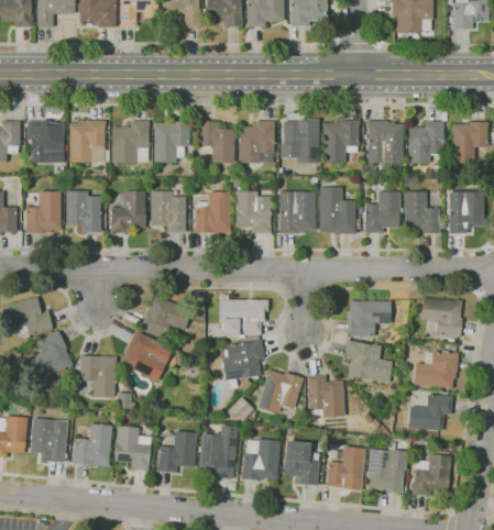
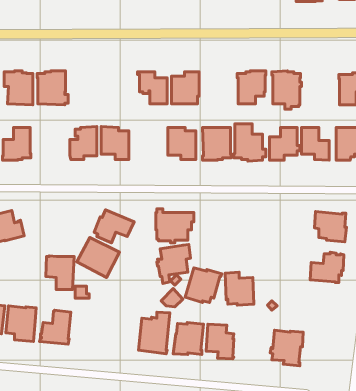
building: [281,119,319,163] -> none
building: [109,121,149,163] -> none
building: [154,121,190,162] -> none
building: [408,121,444,163] -> none
building: [66,190,101,232] -> none
building: [194,191,231,232] -> none
building: [349,300,391,336] -> none
building: [28,331,73,382] -> none
building: [345,341,392,383] -> none
building: [408,394,452,430] -> none
building: [114,426,151,470] -> none
building: [158,431,197,473] -> none
building: [327,446,365,490] -> none
building: [413,454,451,496] -> none

